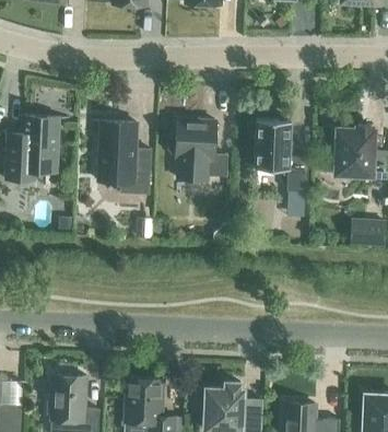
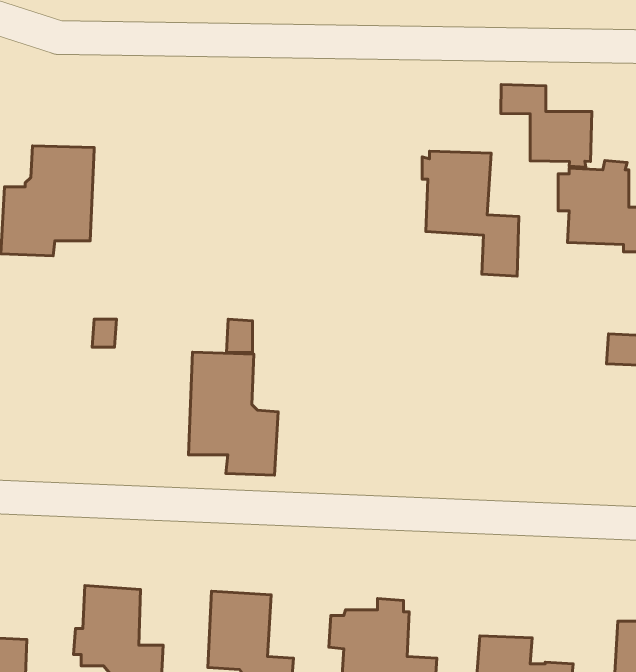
building: none -> [501,85,592,167]
building: [169,119,228,180] -> none
building: [98,121,151,194] -> [189,352,278,475]

